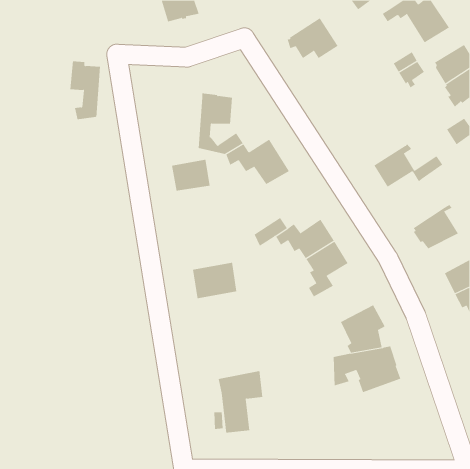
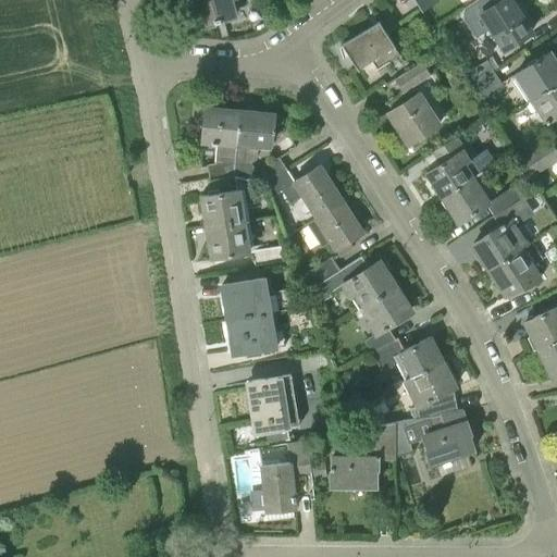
building: none -> [388,63,442,145]
building: [70,61,101,120] -> [201,110,238,180]
building: none -> [426,138,480,197]
building: none -> [473,196,532,271]
building: none -> [307,203,362,257]
building: none -> [208,221,284,267]
building: none -> [222,278,292,320]
building: none -> [371,337,442,381]
building: none -> [247,375,299,443]
building: none -> [331,423,395,486]

